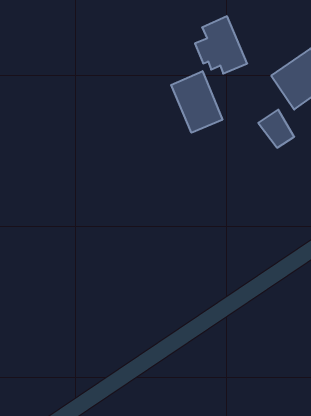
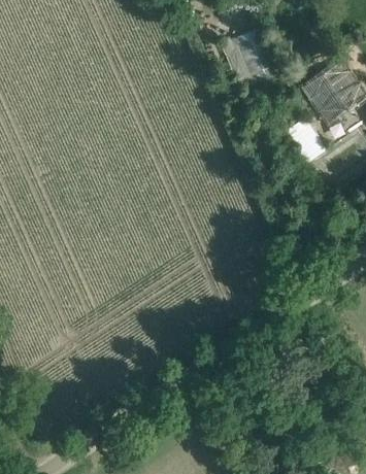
building: [171,71,222,133] -> none

